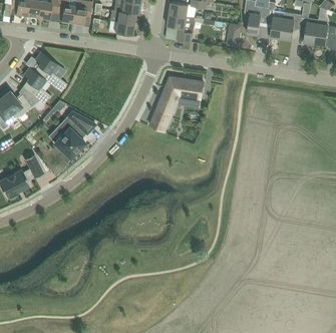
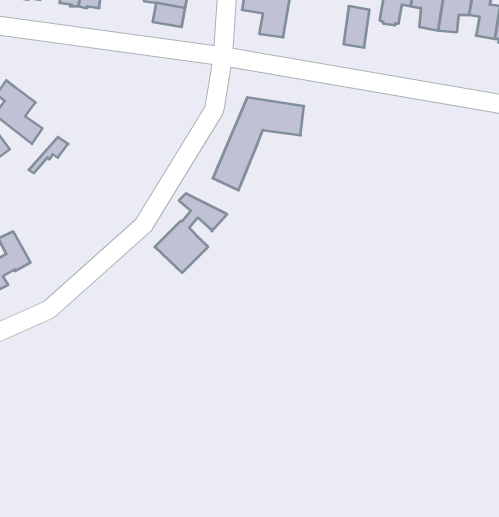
building: [34,51,66,91] -> none
building: [53,111,95,157] -> [155,194,227,273]

